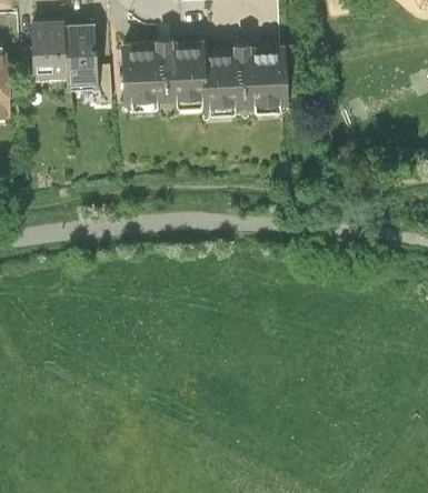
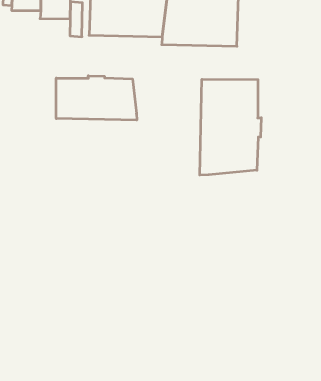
building: none -> [200,79,261,175]
building: none -> [56,76,137,120]

